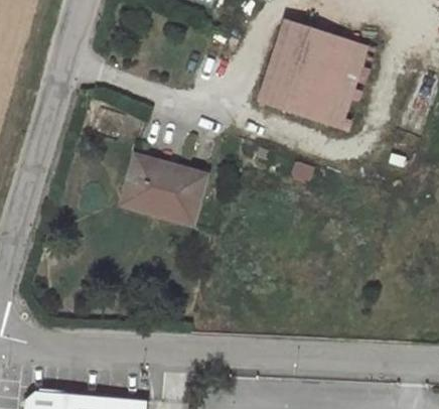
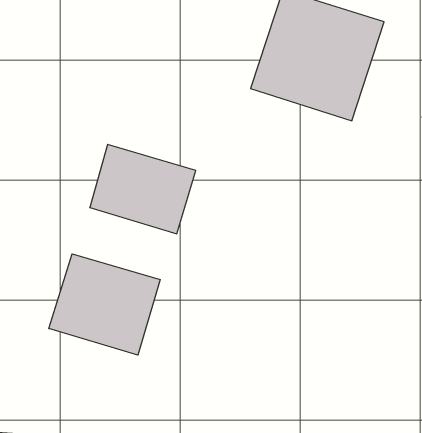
building: none -> [49,254,160,355]

